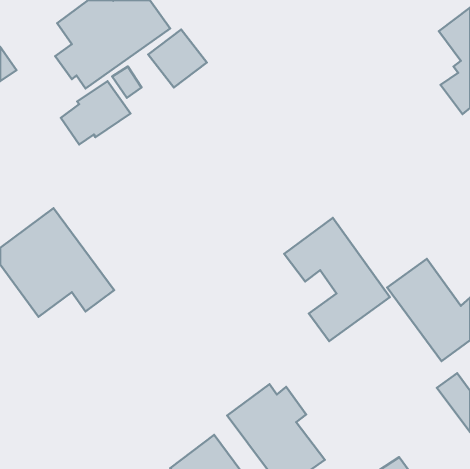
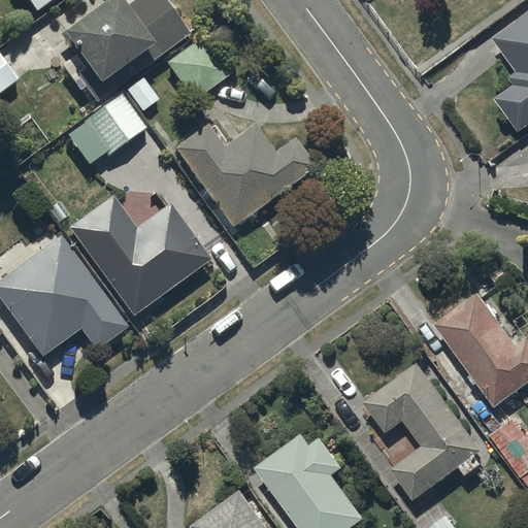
building: none -> [175,123,317,227]
building: none -> [68,196,211,317]
building: [284,218,390,341] -> [363,361,482,499]

